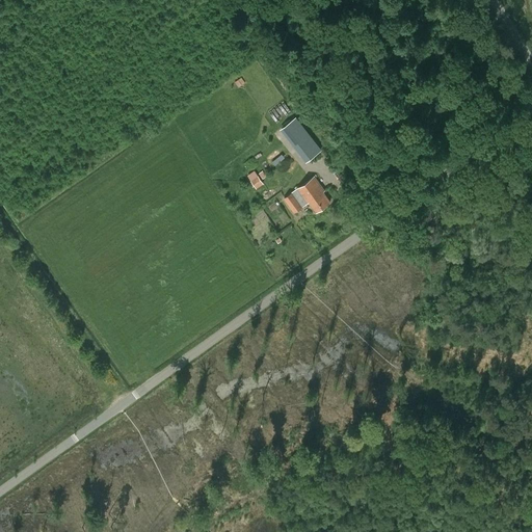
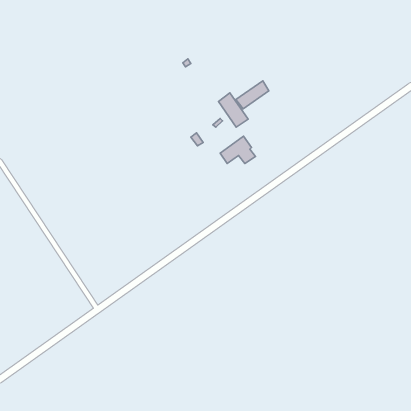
building: none -> [236,81,269,109]

